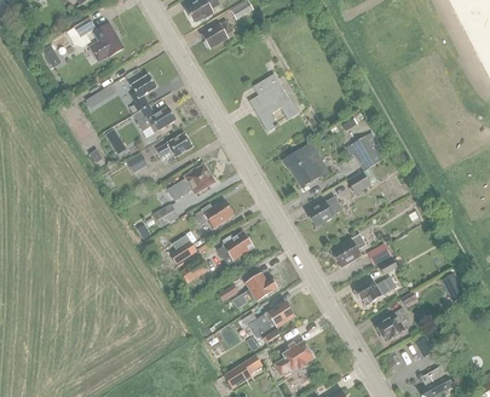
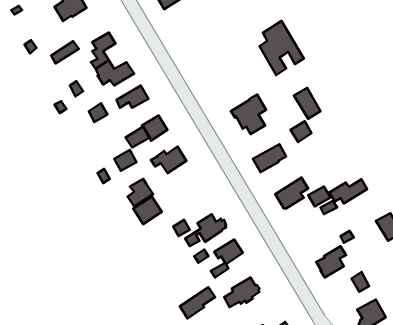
building: [249,73,298,132] -> [259,21,304,75]
building: [217,231,253,265] -> none
building: [354,275,396,301] -> [329,179,367,204]

